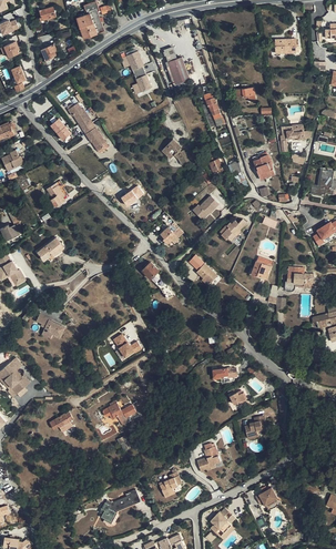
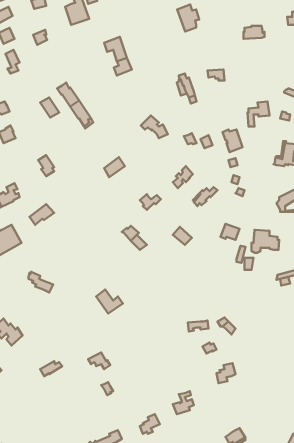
building: [167,57,192,87] -> [177,5,199,31]

